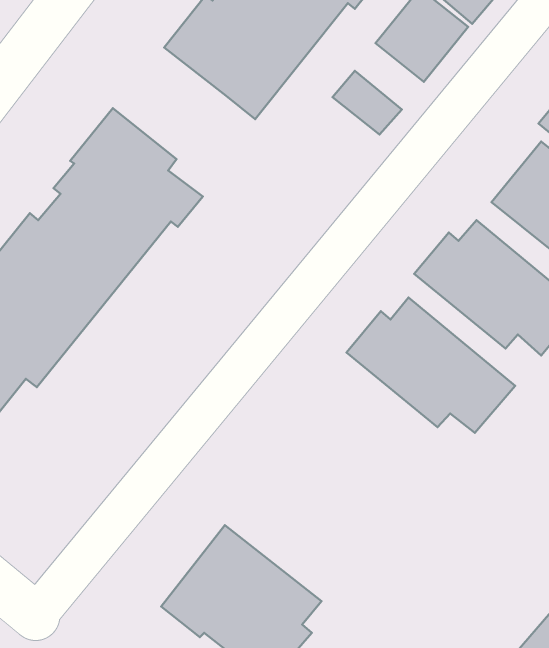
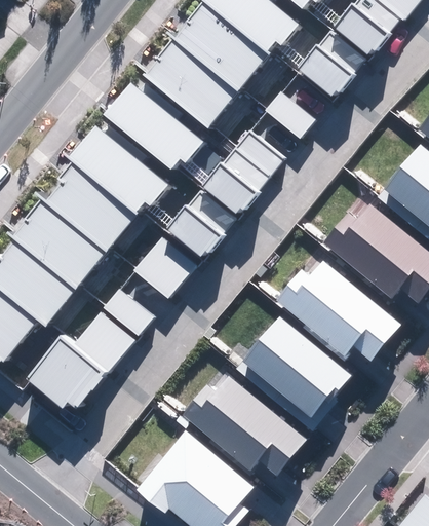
building: none -> [106,77,205,170]
building: none -> [133,132,283,299]
building: none -> [26,288,155,410]
building: none -> [241,317,351,418]
building: none -> [179,375,304,476]

